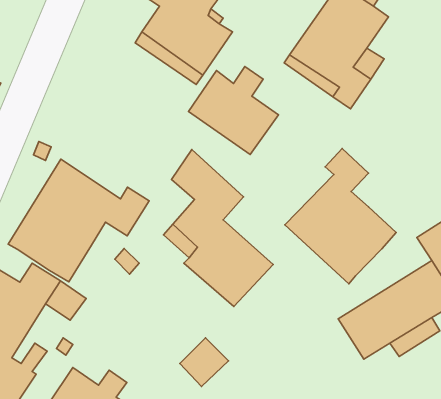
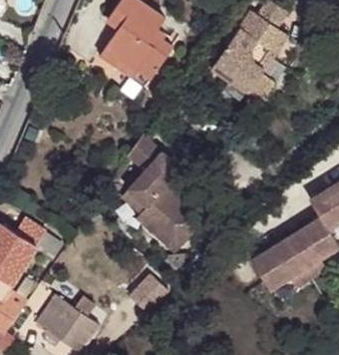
building: [189,67,279,155] -> none
building: [285,148,396,284] -> none
building: [8,159,149,282] -> none

